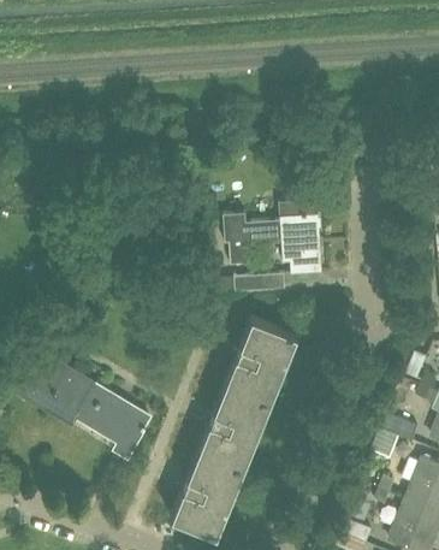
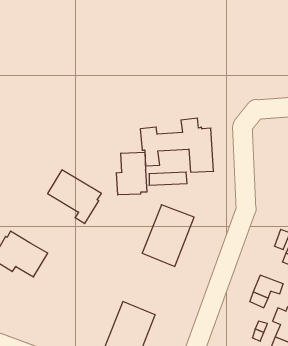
building: none -> [116,152,147,195]
building: [77,385,150,459] -> [48,170,101,224]
building: [198,385,269,469] -> none

